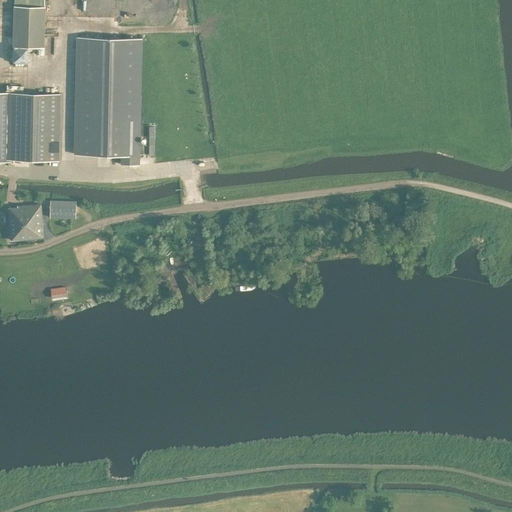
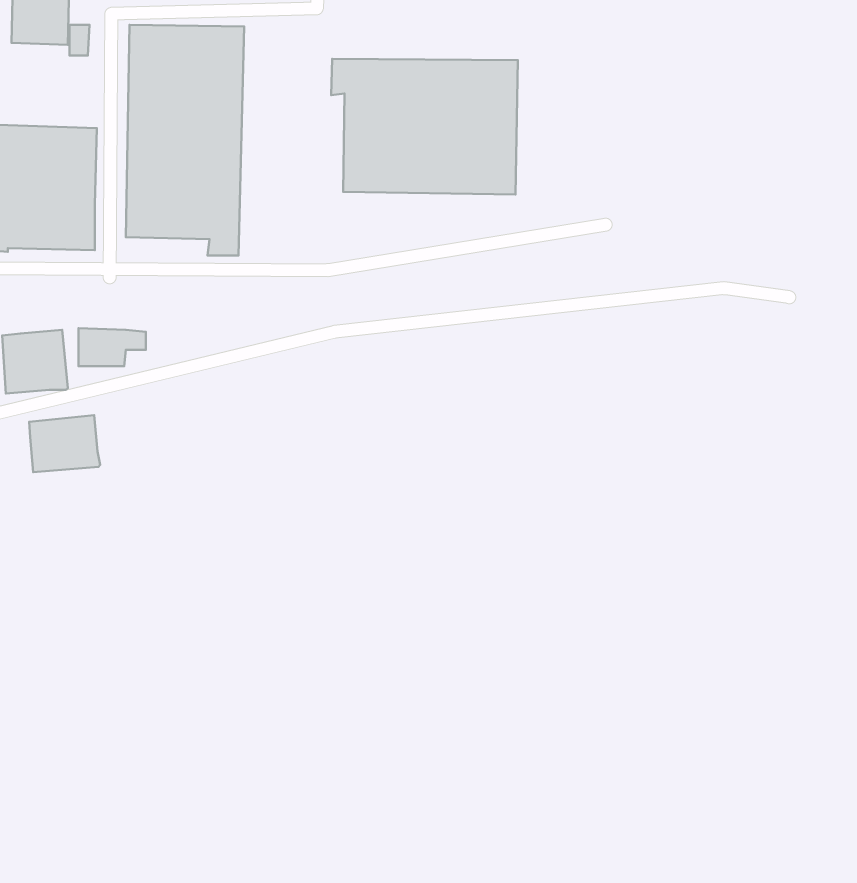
building: none -> [331,59,518,195]
building: none -> [29,415,100,472]

